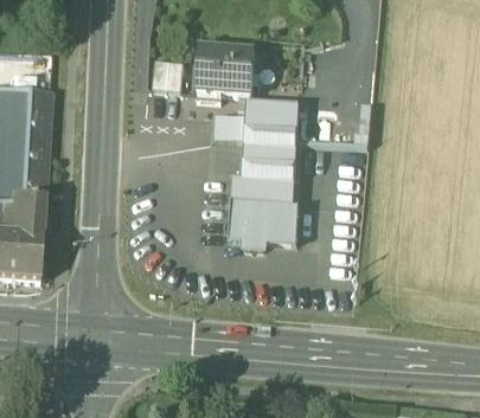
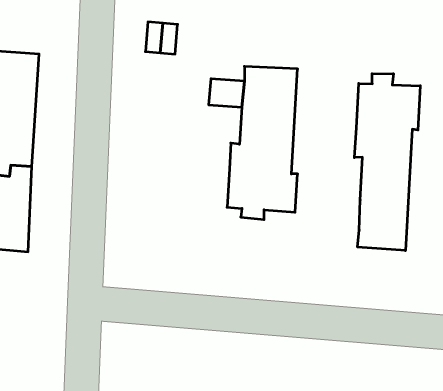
building: [196,46,255,99] -> none
building: none -> [354,74,420,251]

